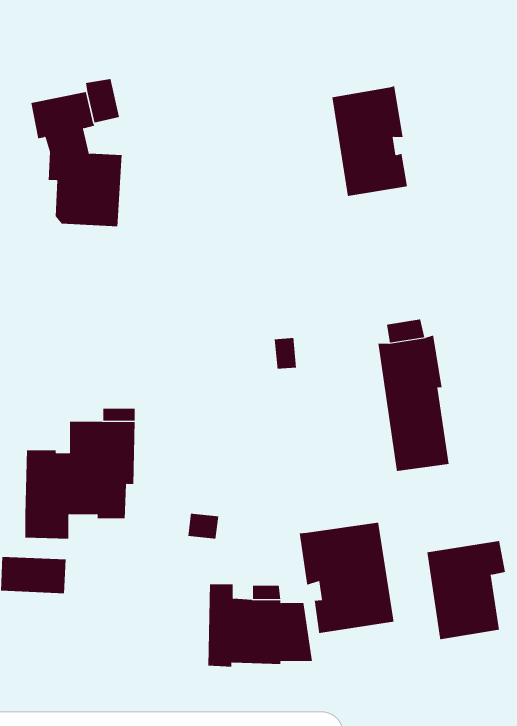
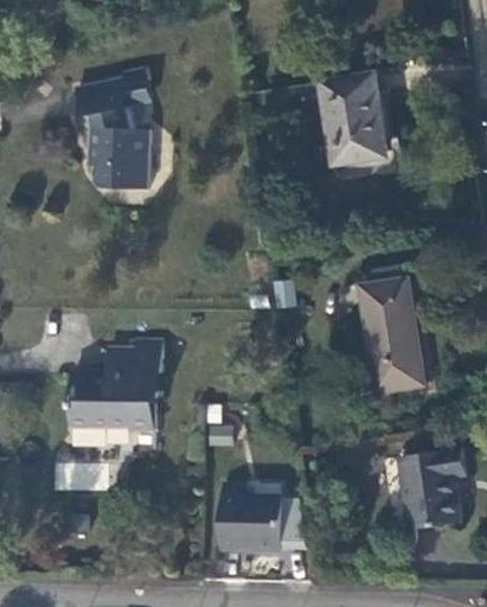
building: [299,522,394,634] -> none

